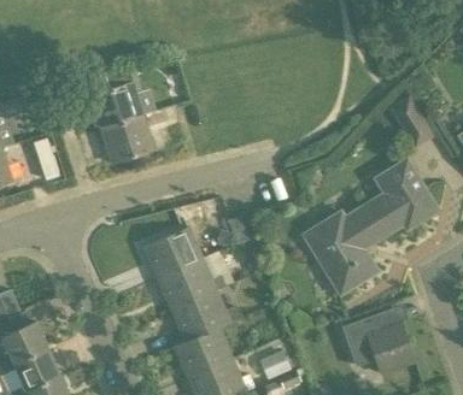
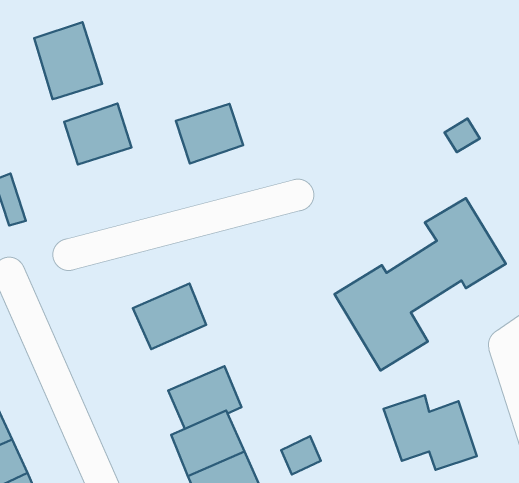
building: none -> [34,22,102,99]
building: [101,119,154,166] -> [176,104,243,163]
building: [159,259,217,311] -> none

